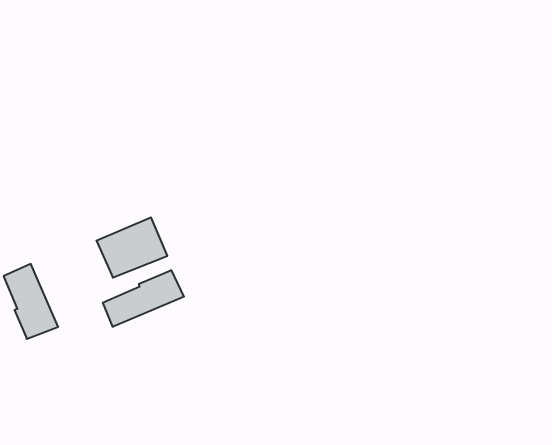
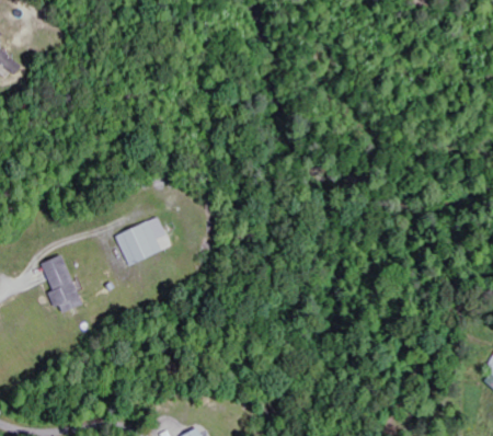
building: [103,270,184,327] -> none

